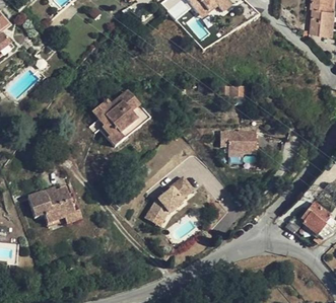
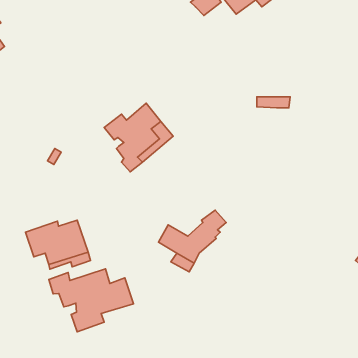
building: [220,130,257,153] -> none
building: none -> [49,269,134,332]

